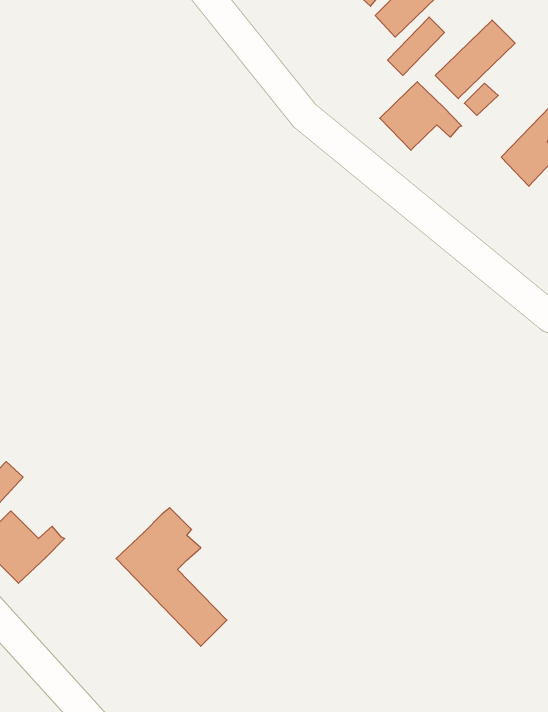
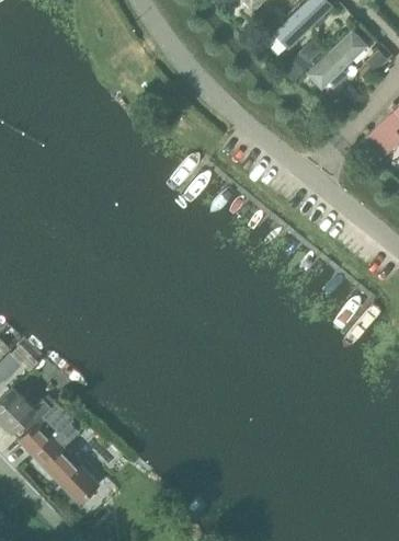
building: [380,82,462,150] -> none
building: [116,508,227,646] -> [19,404,98,503]

